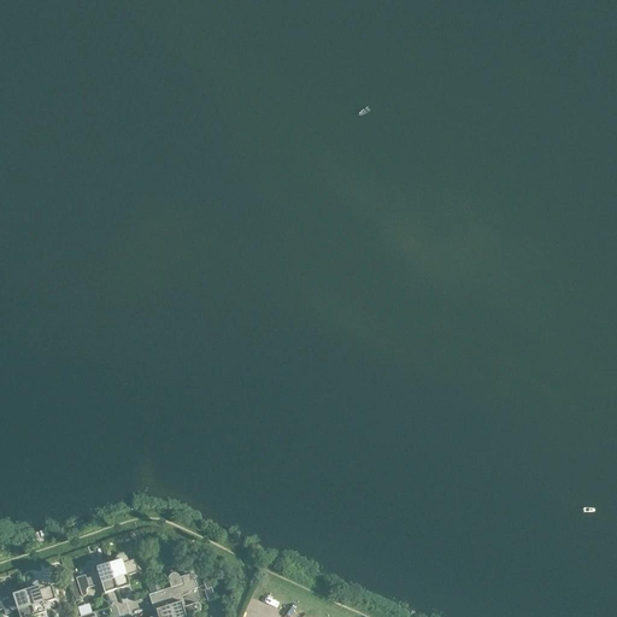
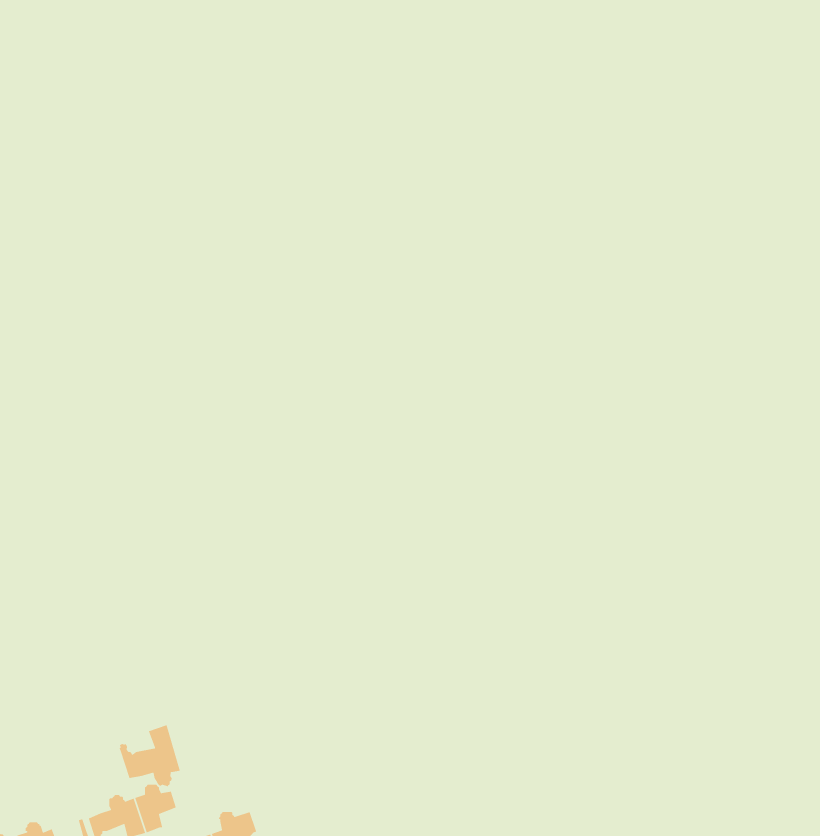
building: none -> [119,724,181,787]

